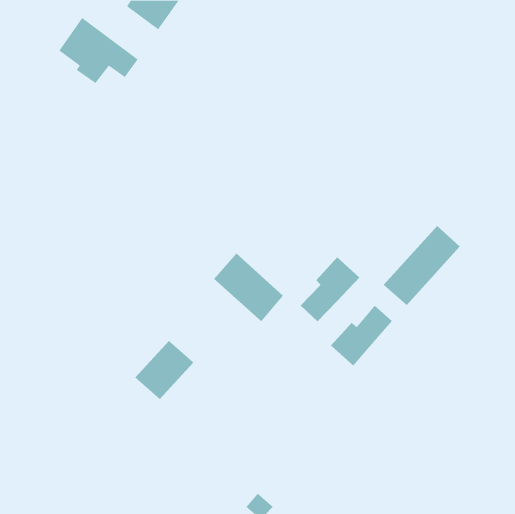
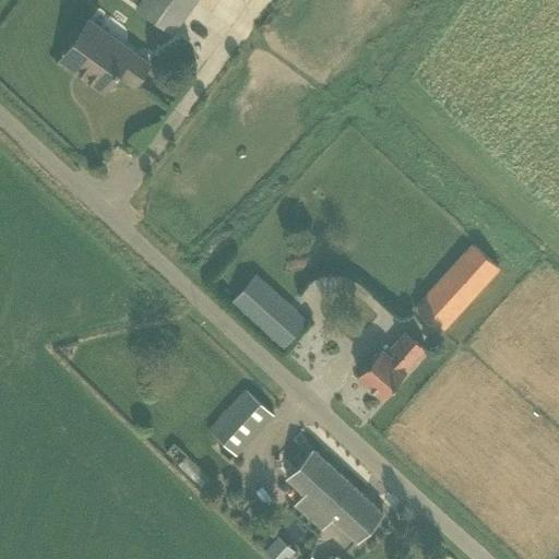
building: [300,256,360,322] -> none
building: [134,340,194,400] -> [210,392,274,456]
building: none -> [287,450,383,543]

